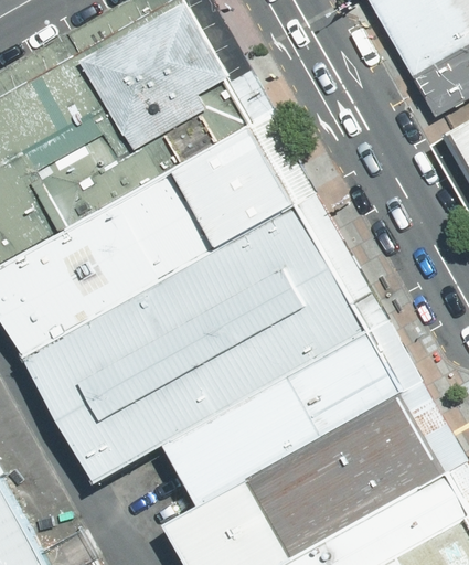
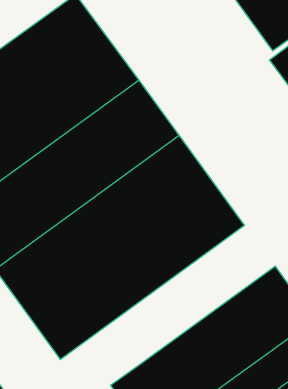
building: [174,339,406,509] -> none

